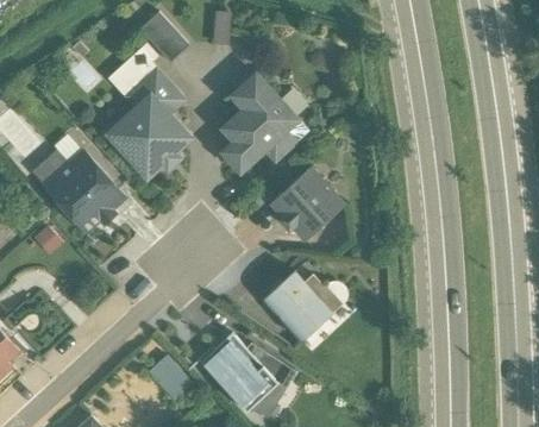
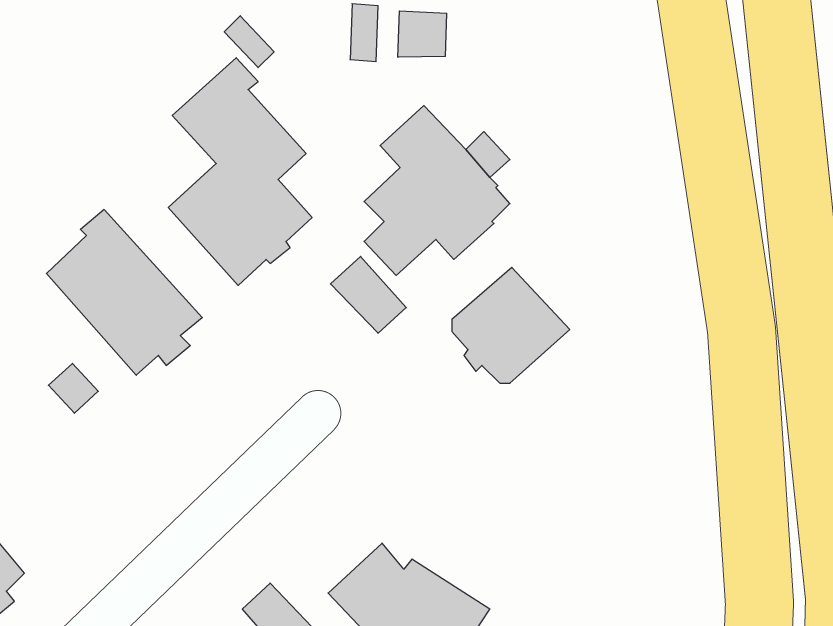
building: none -> [398,11,447,57]
building: none -> [330,256,406,333]
building: [262,271,346,343] -> none

